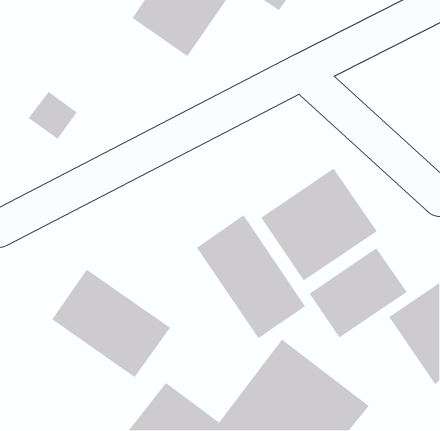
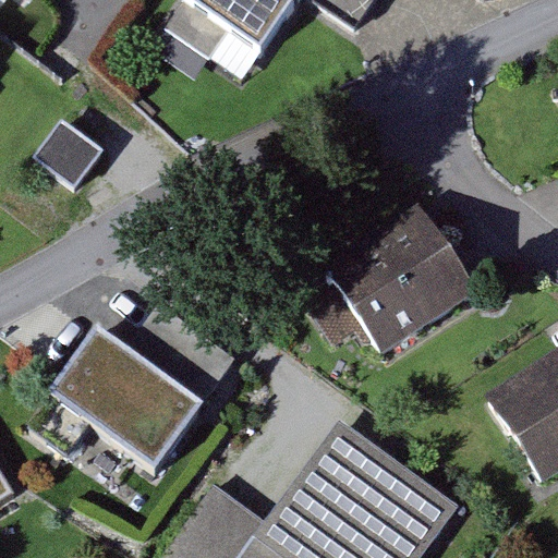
building: [196,214,306,339] -> none
building: [309,247,408,339] -> none

